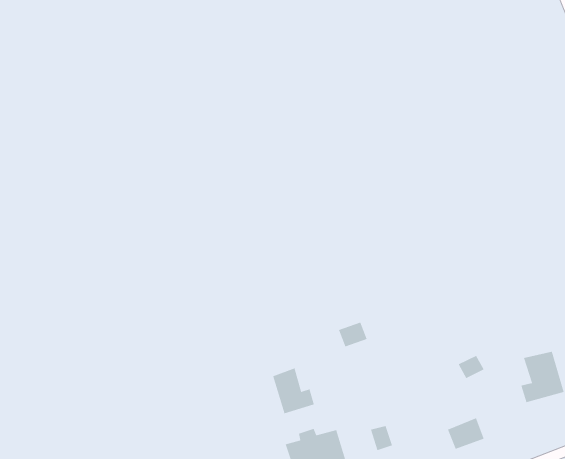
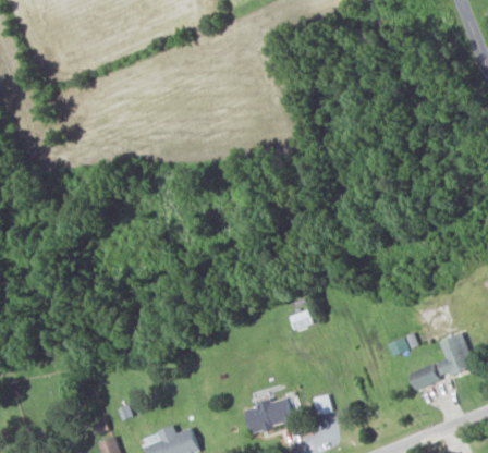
building: [273,368,314,414] -> none
building: [447,417,484,449] -> [408,363,439,389]

